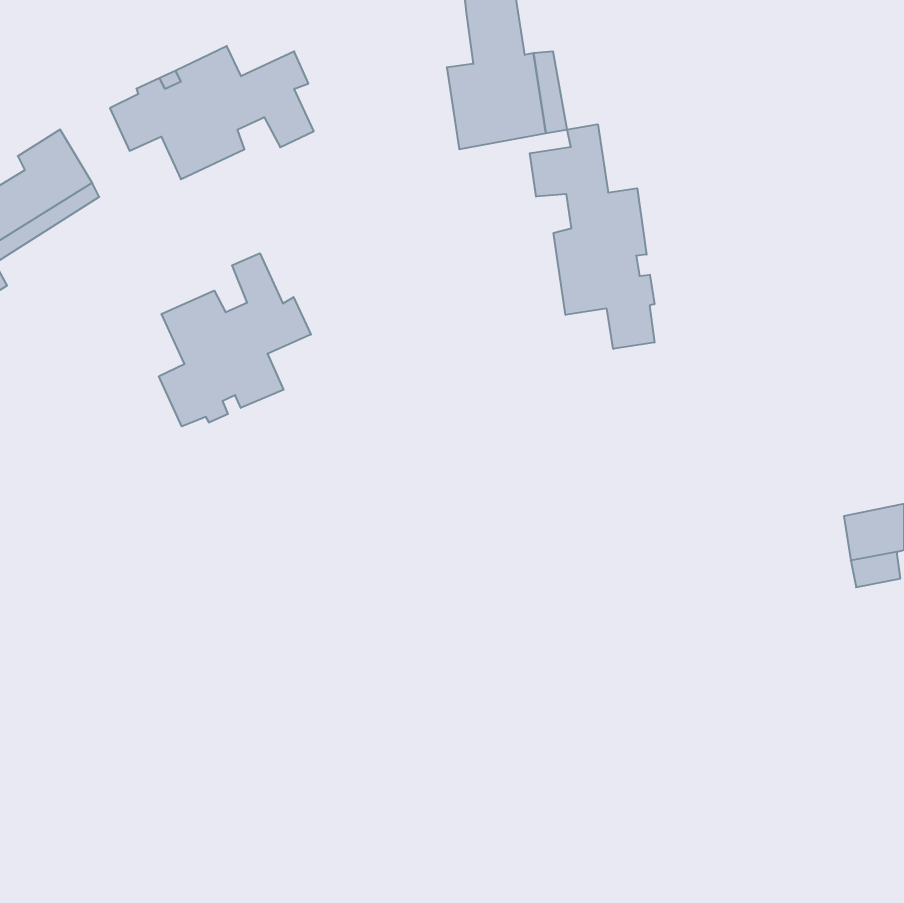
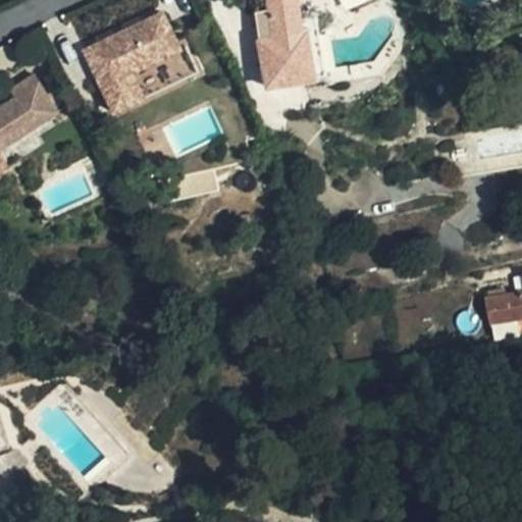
building: [530,124,654,349] -> none
building: [159,253,311,426] -> none

